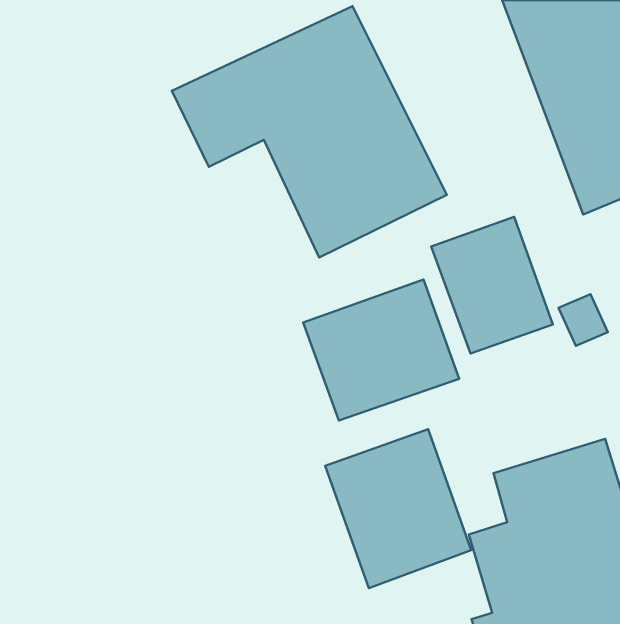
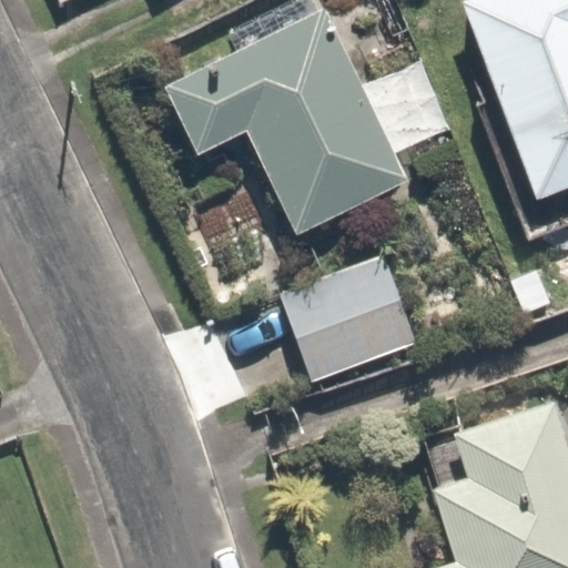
building: [431,217,553,353] -> none
building: [325,429,471,588] -> none

